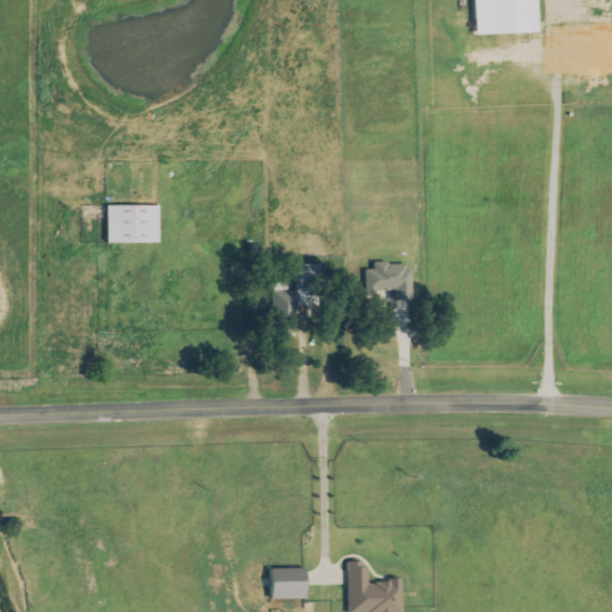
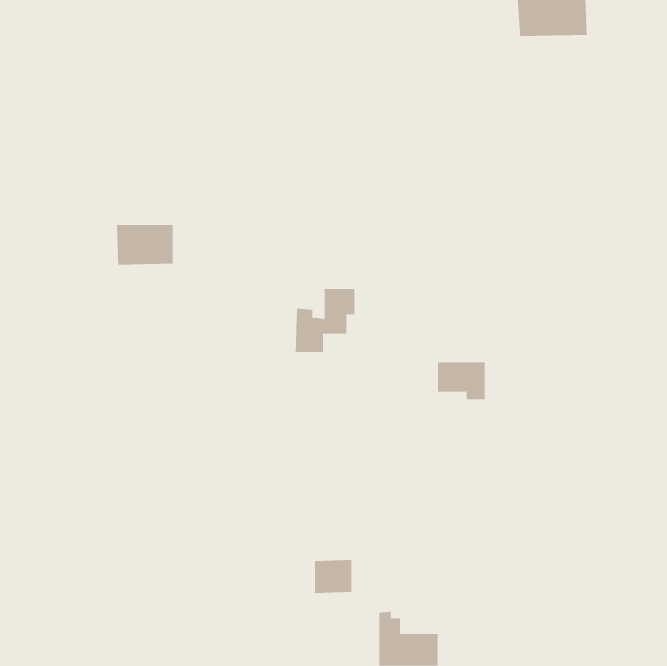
building: [367,264,411,299] -> [437,362,485,400]
building: [271,567,306,598] -> [314,559,352,593]

